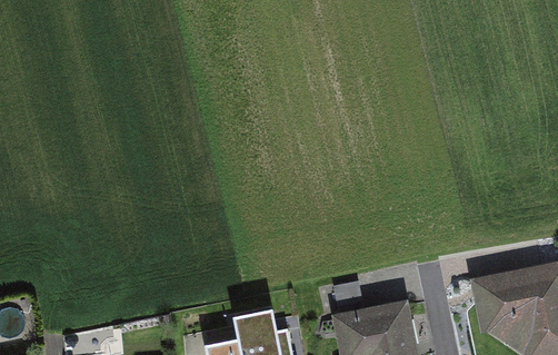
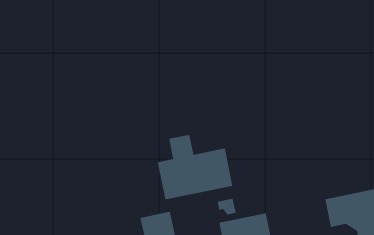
building: none -> [157,134,233,200]

